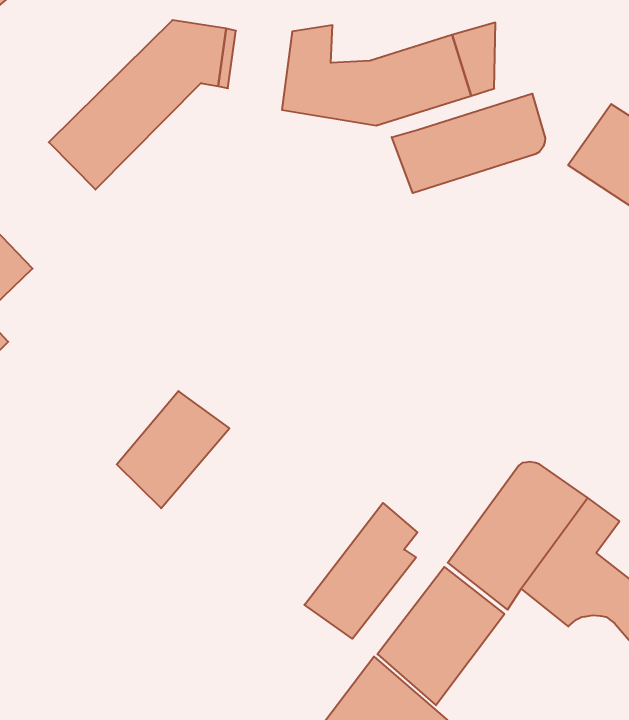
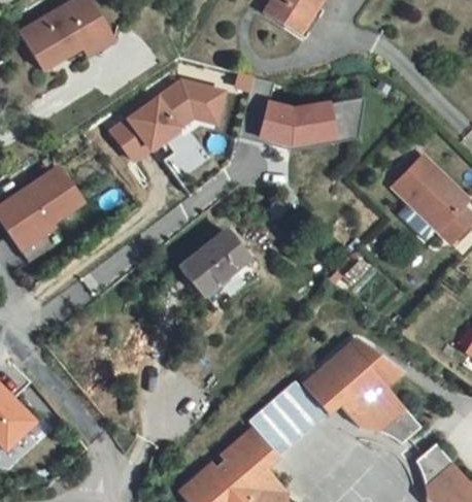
building: [392,94,545,193] -> none
building: [117,391,229,508] -> [186,228,250,291]
building: [304,503,417,639] -> none

